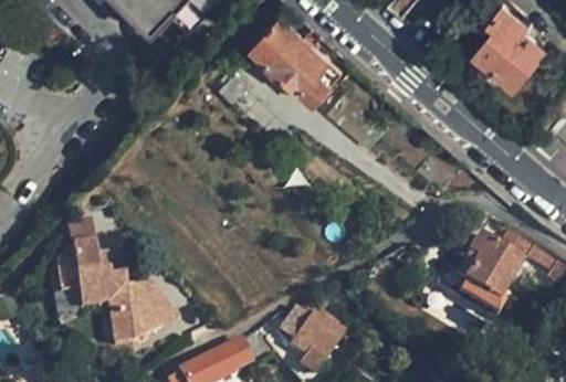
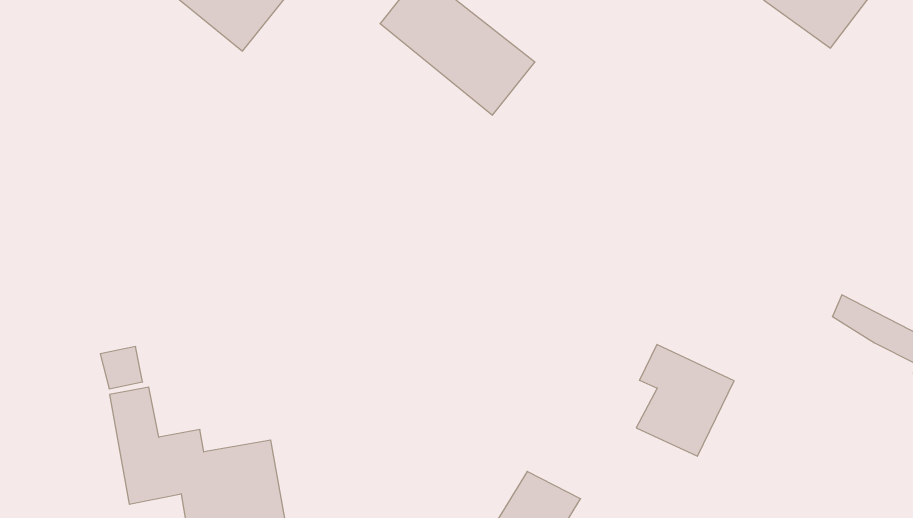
building: [459,236,518,304] -> [636,345,734,456]

